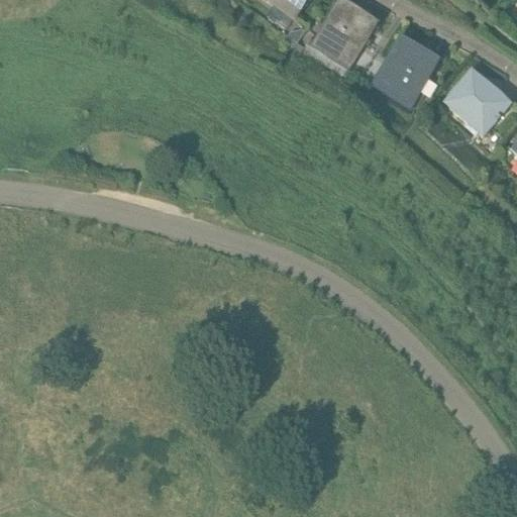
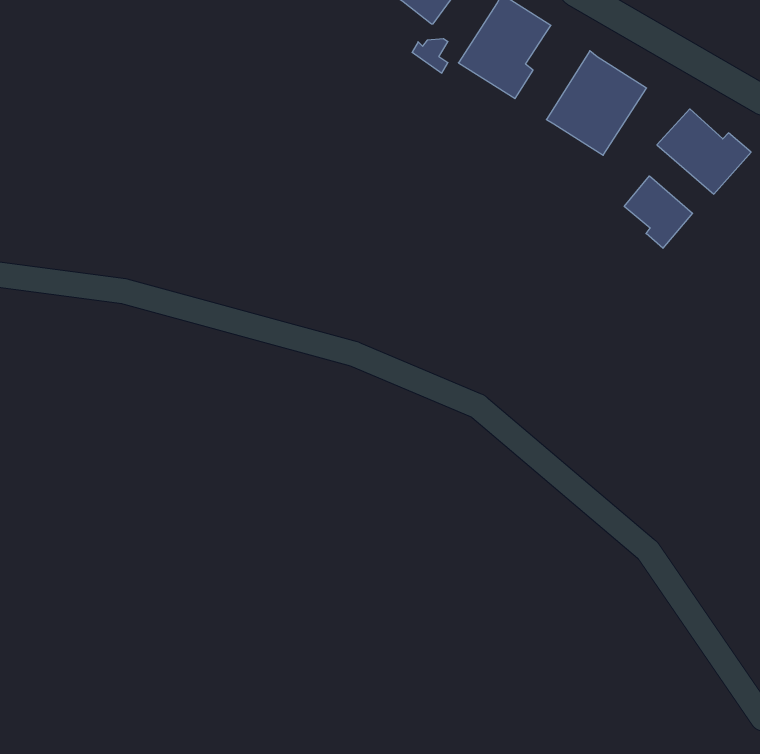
building: none -> [624,176,693,248]

